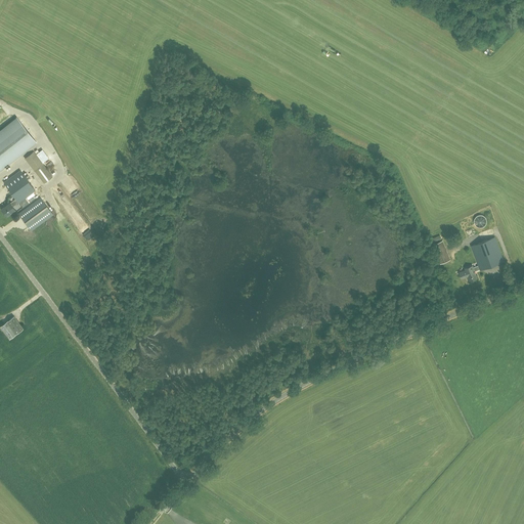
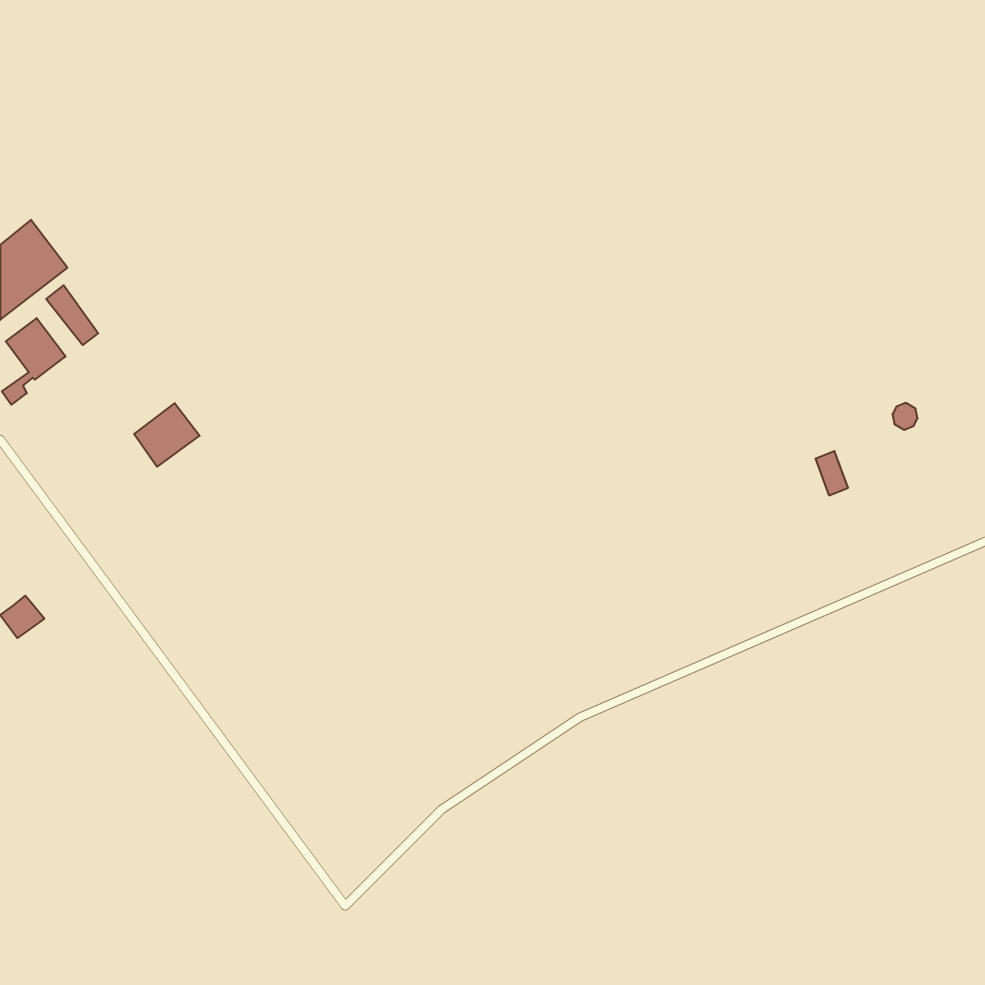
building: [18,198,53,231] -> [134,403,200,467]
building: [460,237,504,280] -> none

